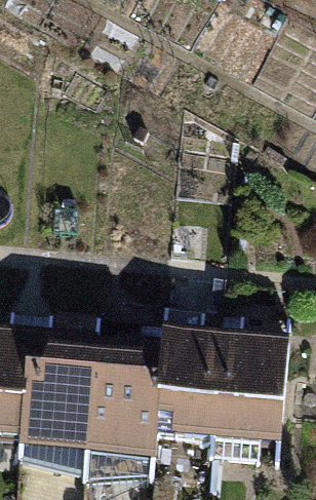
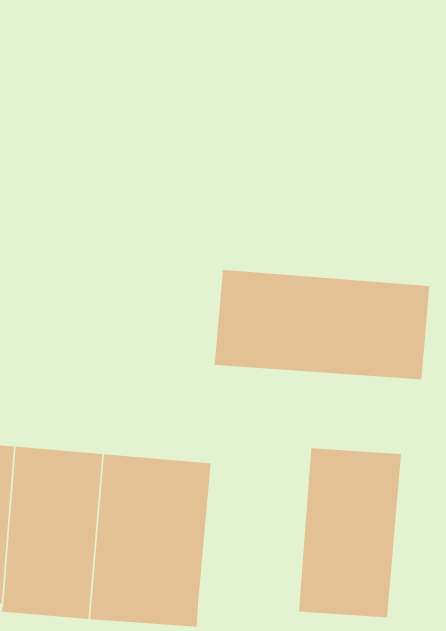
building: none -> [214,269,430,380]
building: [152,339,226,453] -> none

